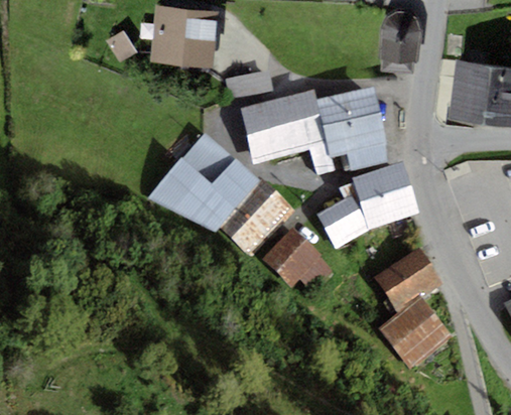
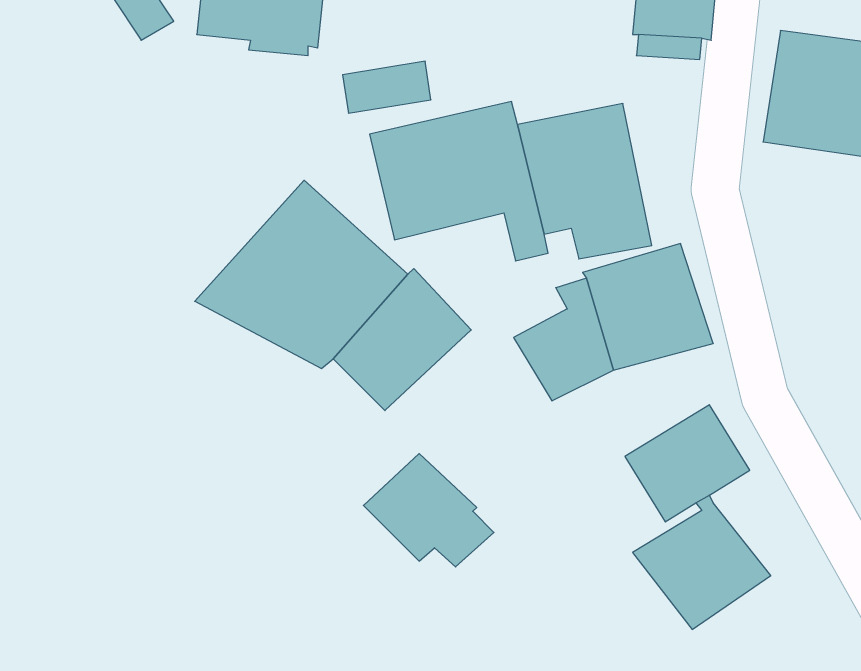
building: [262,230,331,289] -> [363,454,494,567]

